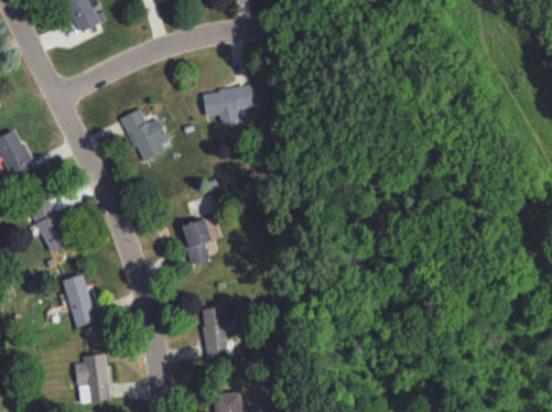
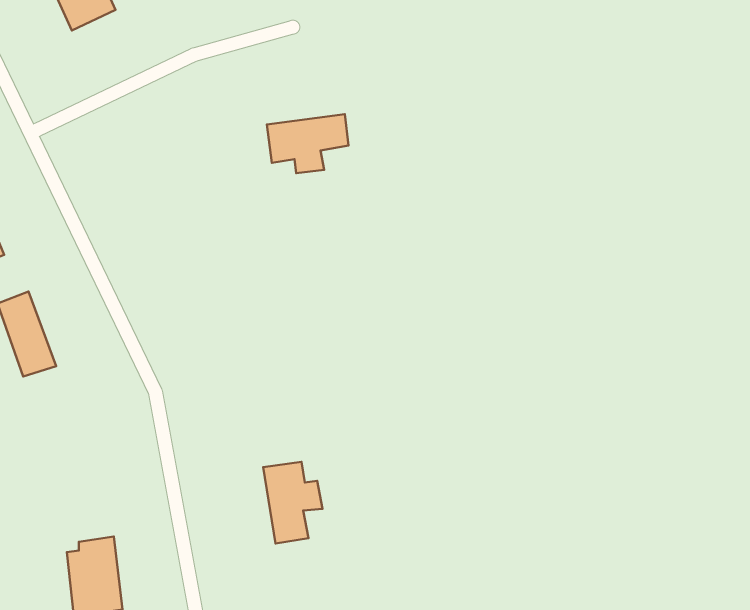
building: [121,108,167,161] -> none
building: [180,216,217,263] -> none
building: [62,273,96,326] -> none

